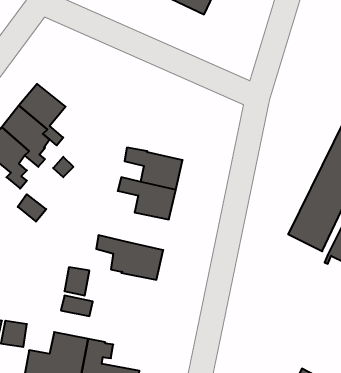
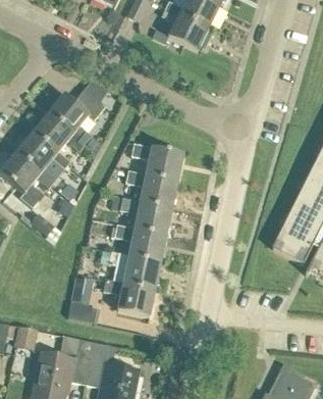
building: none -> [48,88,106,148]
building: none -> [131,142,183,181]
building: none -> [112,223,166,261]
building: none -> [104,277,155,315]

